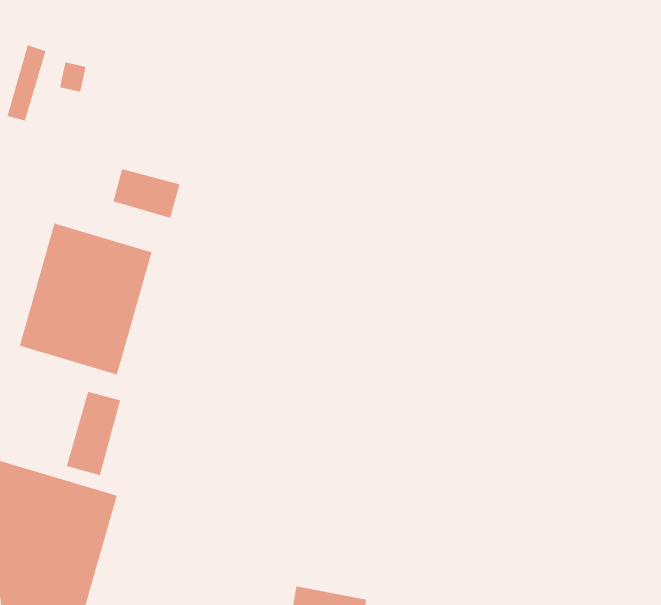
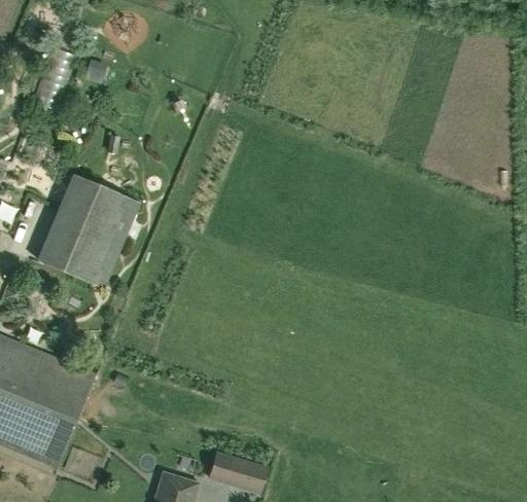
building: [112,168,181,219] -> none
building: [66,391,121,476] -> none

